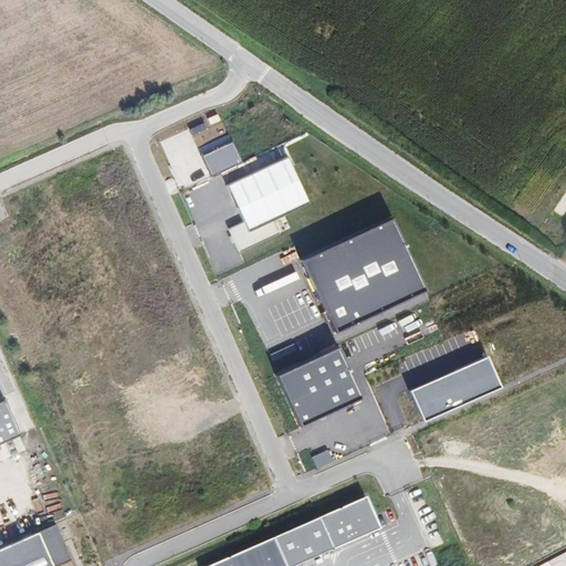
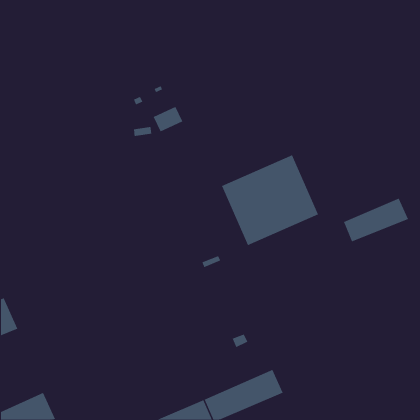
building: [226,156,308,250] -> none
building: [274,340,354,413] -> none
building: [411,357,500,417] -> [343,198,409,242]

